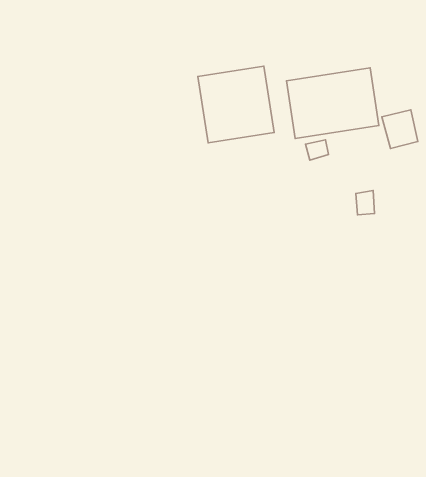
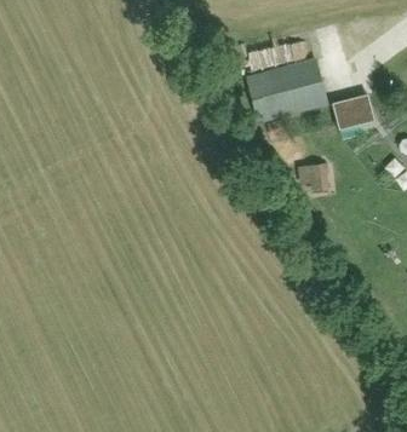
building: [198,66,274,143] -> none

